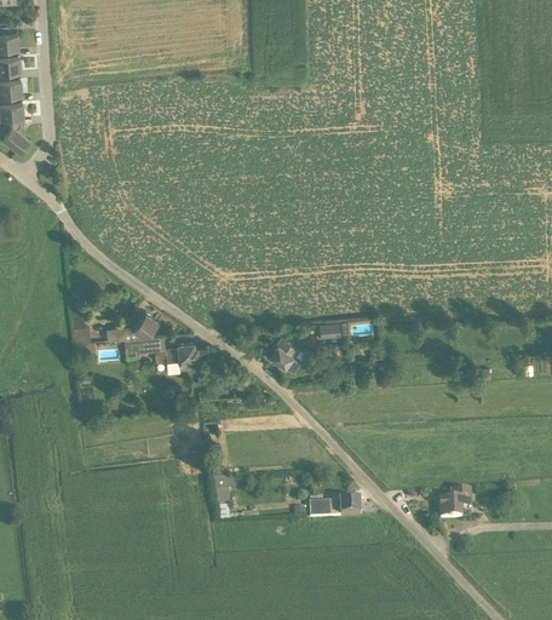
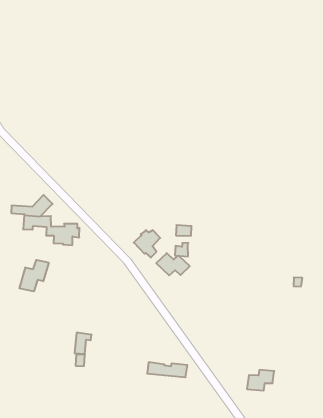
building: none -> [156,253,190,275]
building: none -> [19,260,49,291]

